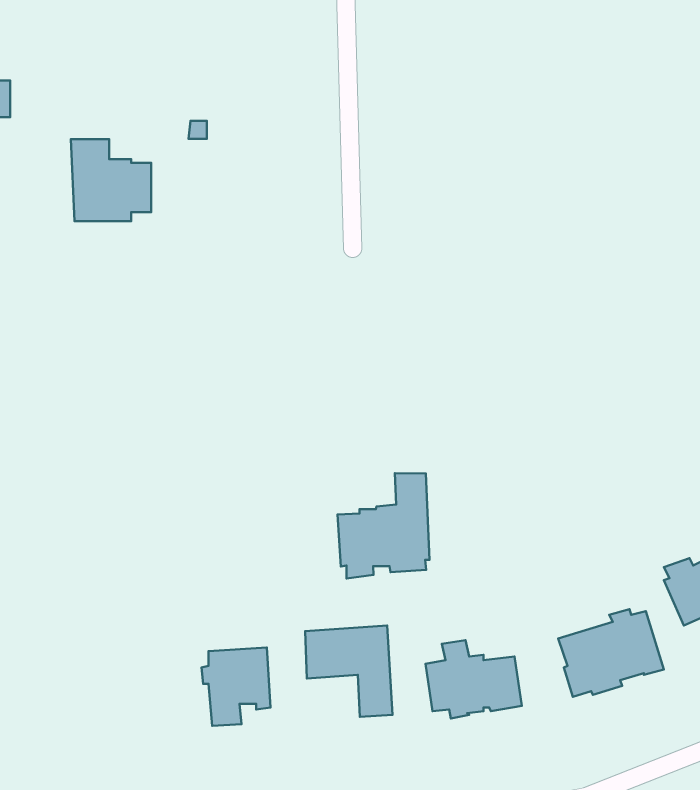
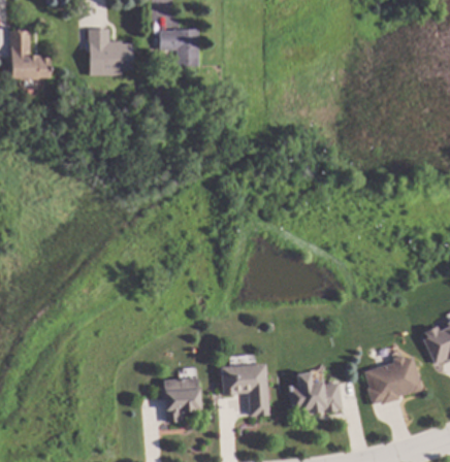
building: none -> [160,28,199,66]
building: [71,139,151,221] -> [88,28,133,74]
building: [338,473,429,578] -> none

